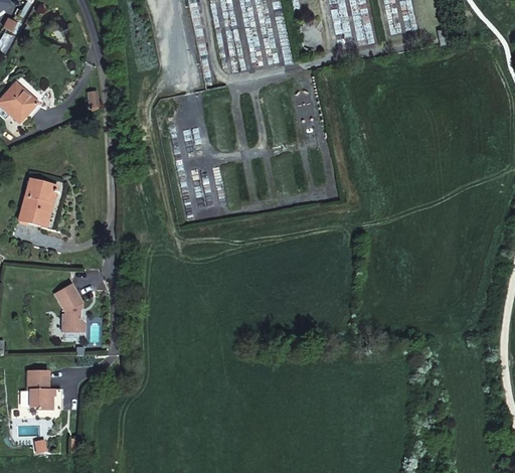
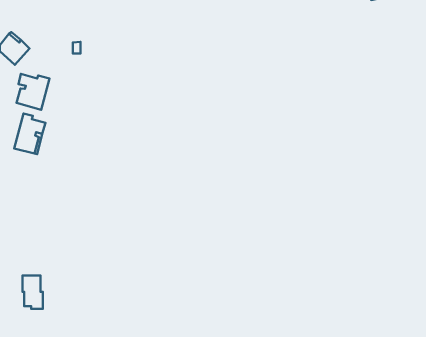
building: none -> [16,74,49,110]
building: [55,284,82,332] -> none

